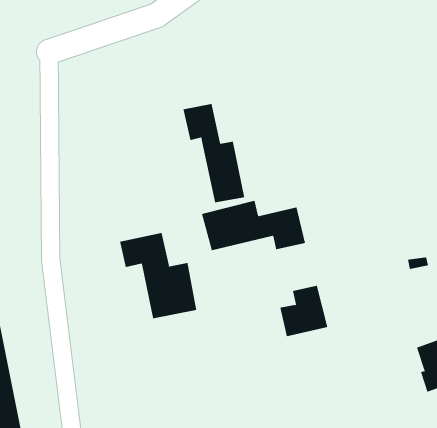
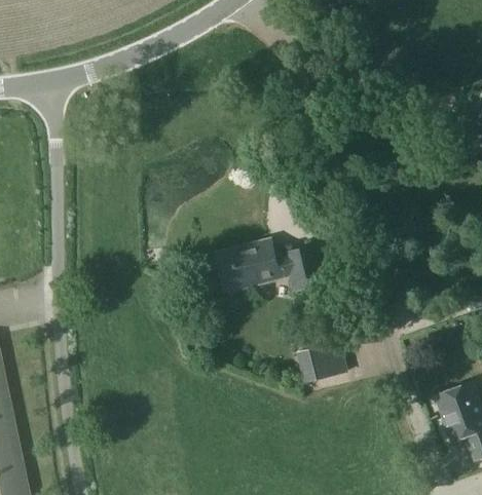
building: [183,103,245,203] -> none
building: [120,232,197,319] -> none

